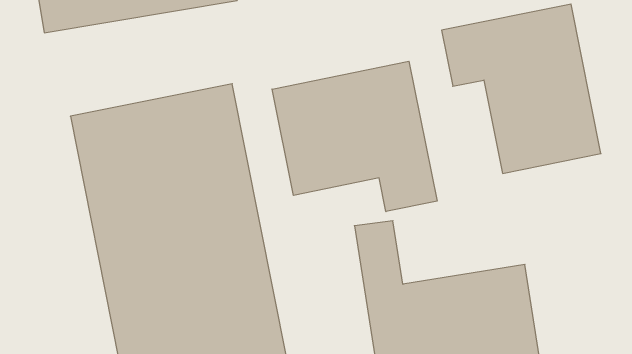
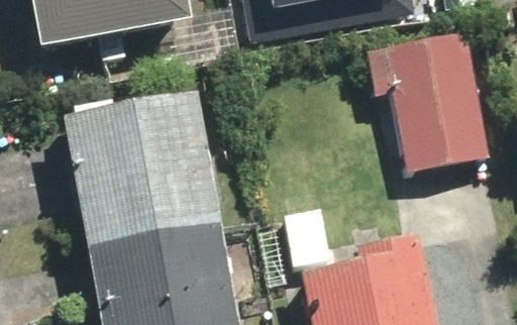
building: [272,61,437,212] -> none

